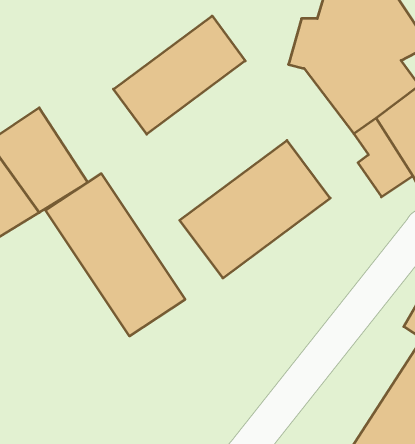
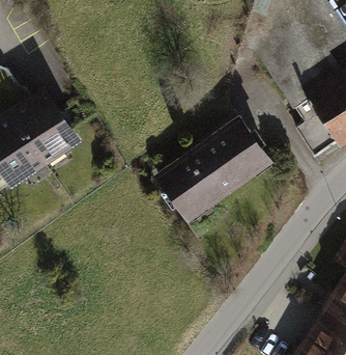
building: [113,16,245,134] -> none
building: [46,174,185,336] -> none

